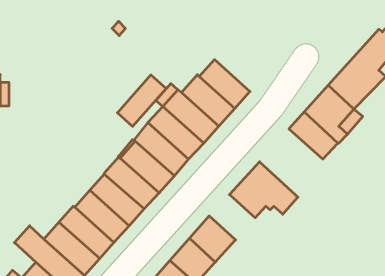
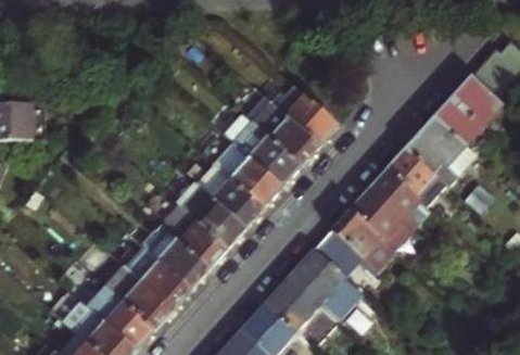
building: [117,75,166,126] -> none
building: none -> [348,170,429,252]
building: none -> [287,251,362,324]

